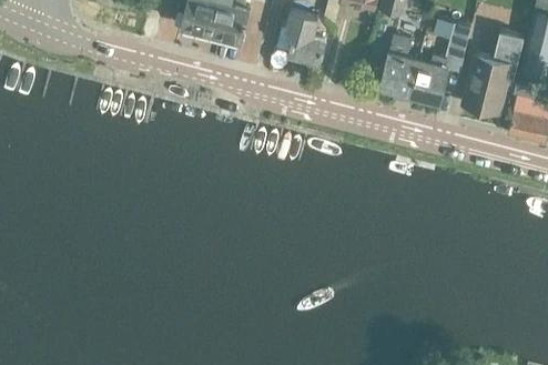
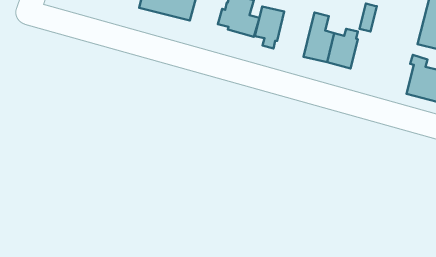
building: none -> [255,7,284,48]
building: [464,31,526,114] -> none

